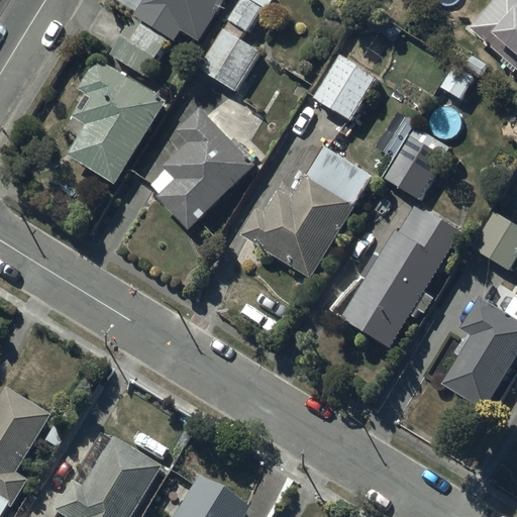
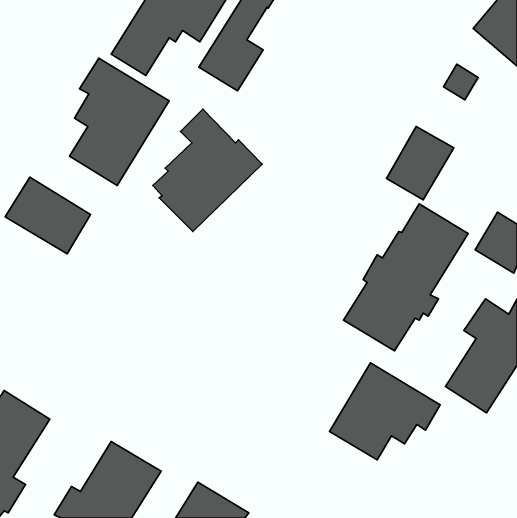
building: [307,54,379,120] -> none
building: [241,145,375,278] -> none
building: none -> [5,177,90,254]
building: none -> [329,363,440,460]

